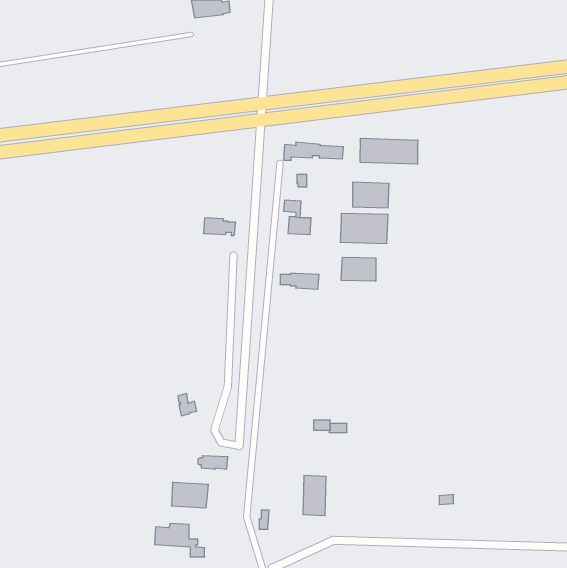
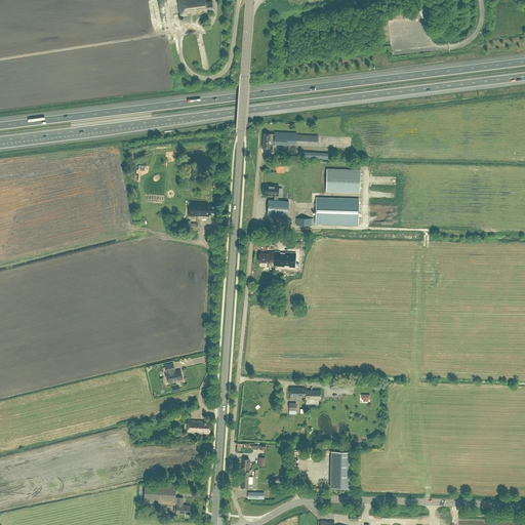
building: [360,138,418,164] -> none
building: [341,257,376,281] -> none
building: [303,476,326,516] -> [329,451,351,488]
building: [172,482,208,508] -> none

